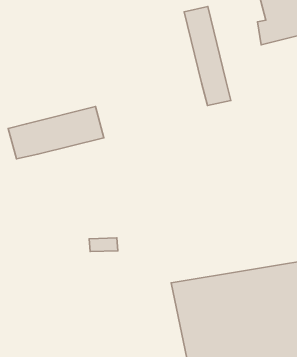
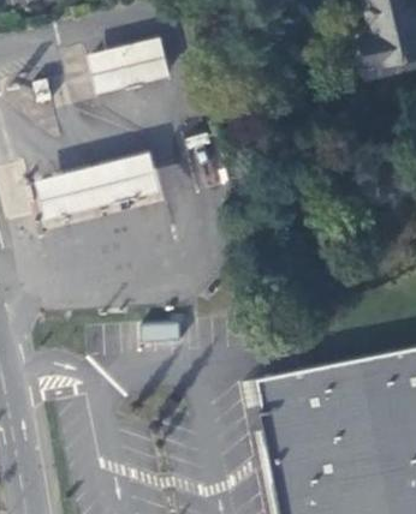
building: [184,6,231,105] -> none
building: none -> [88,40,170,91]

